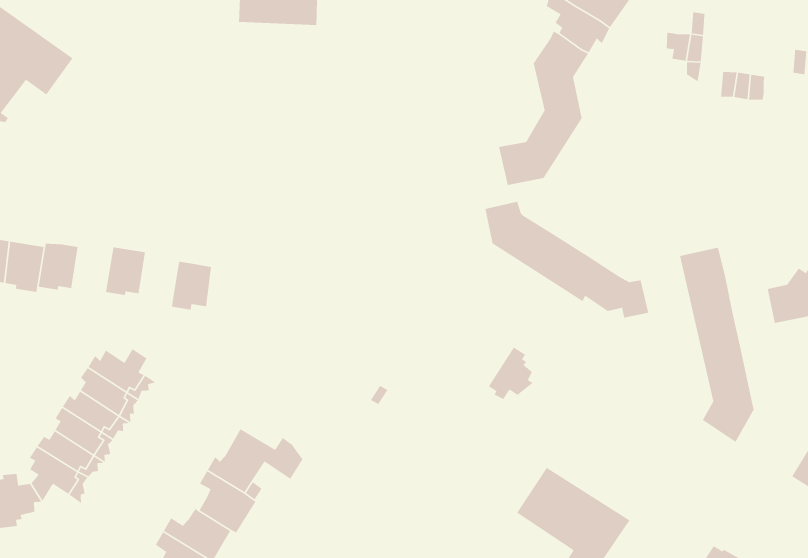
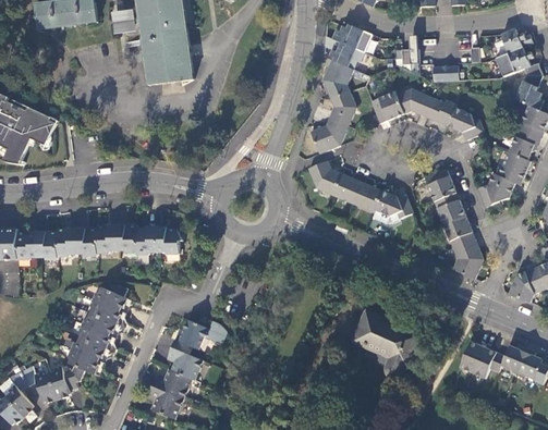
building: none -> [370,88,484,140]
building: none -> [77,228,97,256]
building: none -> [117,225,136,253]
building: none -> [156,228,178,255]
building: [488,347,534,400] -> none

